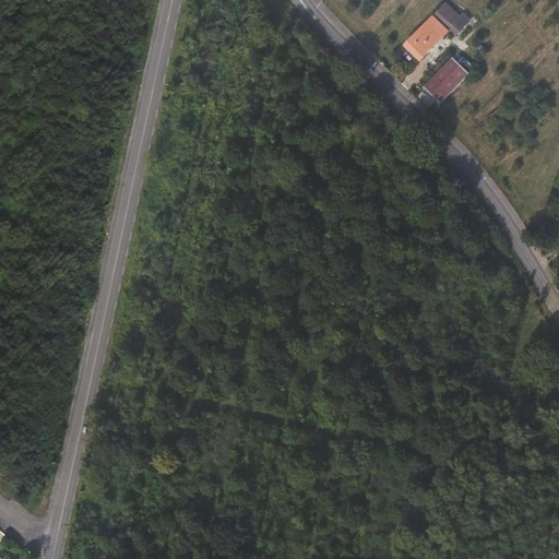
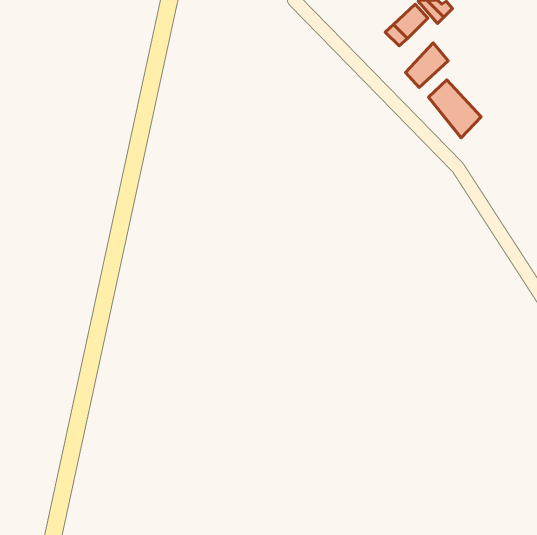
building: none -> [428,80,481,138]

